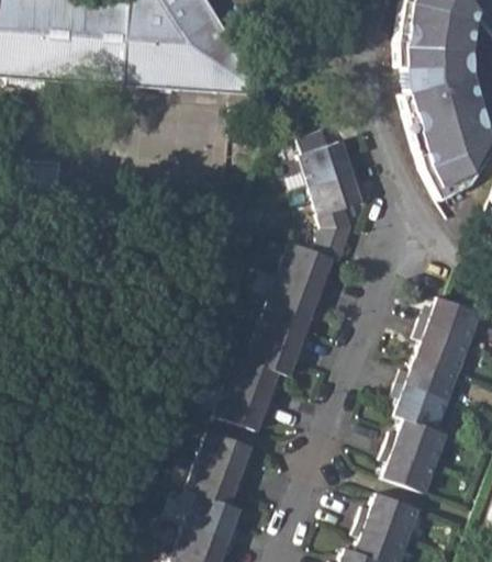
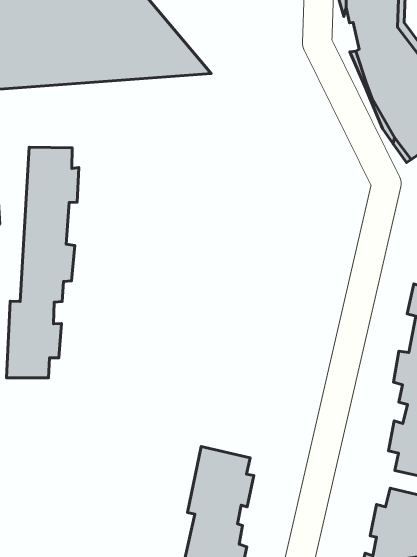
building: [220,126,360,431] -> none
building: none -> [7,147,79,378]

